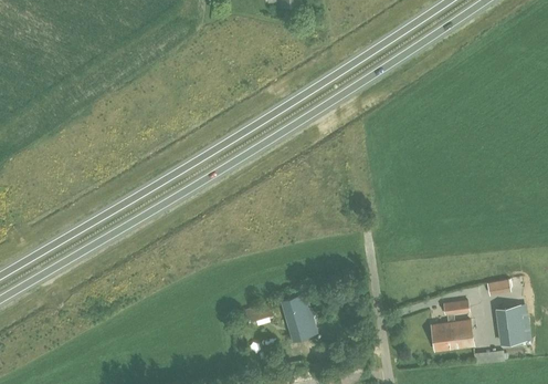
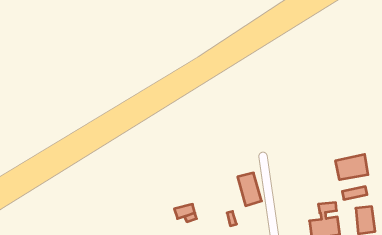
building: none -> [336,154,368,180]
building: [282,293,315,339] -> [238,173,262,206]

